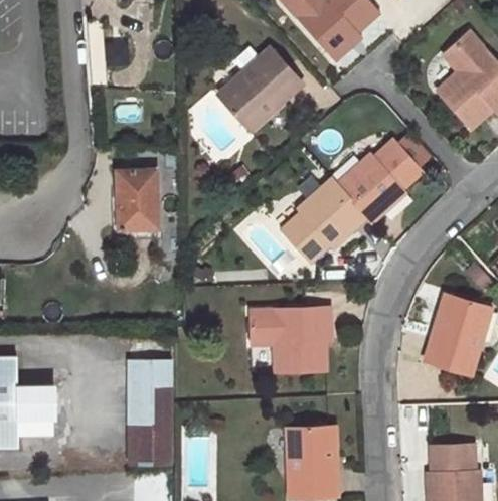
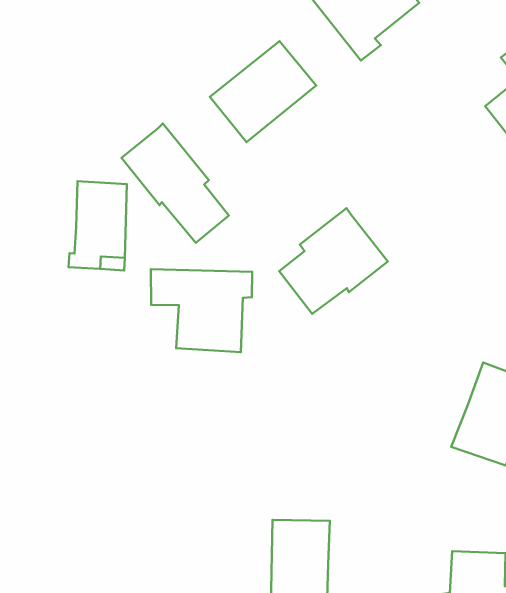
building: none -> [121,124,229,243]
building: [335,139,421,222] -> none
building: [250,306,331,370] -> [151,269,252,352]
building: [130,361,172,463] -> none

